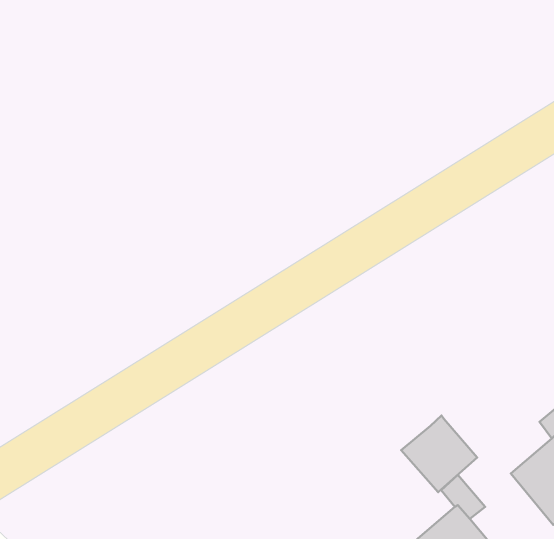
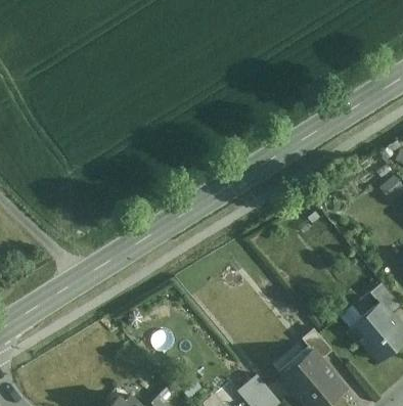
building: [401,416,477,492] -> none

